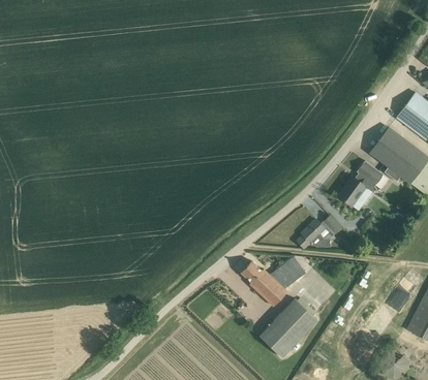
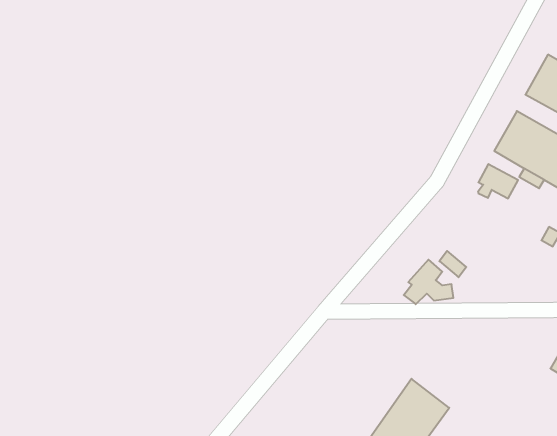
building: [337,177,375,207] -> none
building: [241,257,306,307] -> none

